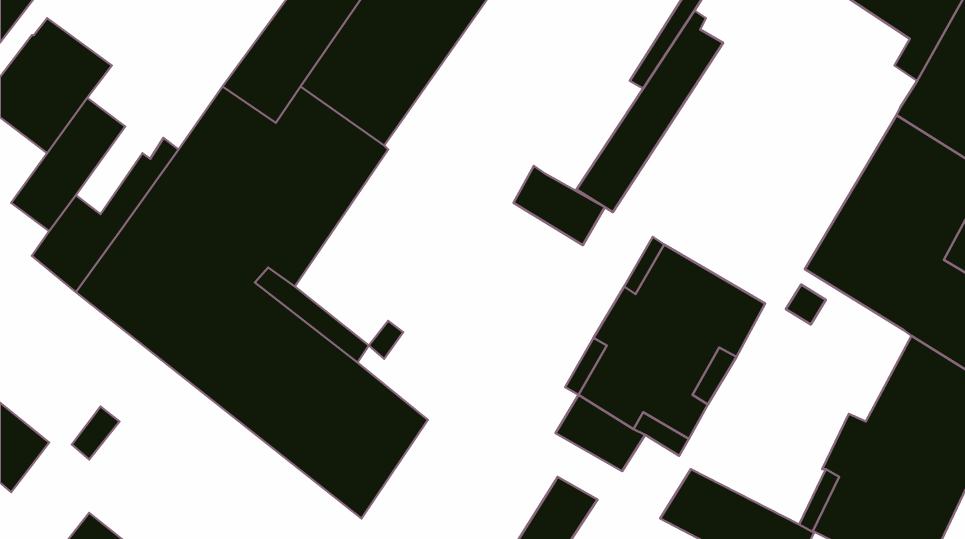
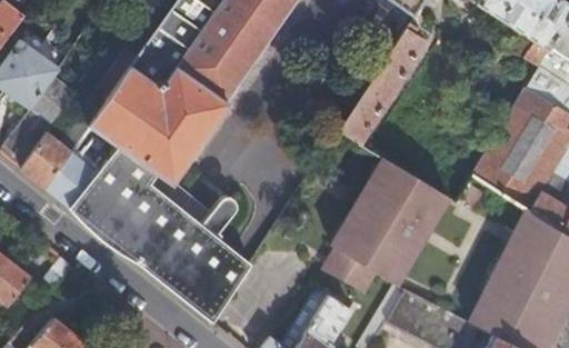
building: [513,166,605,245] -> none

